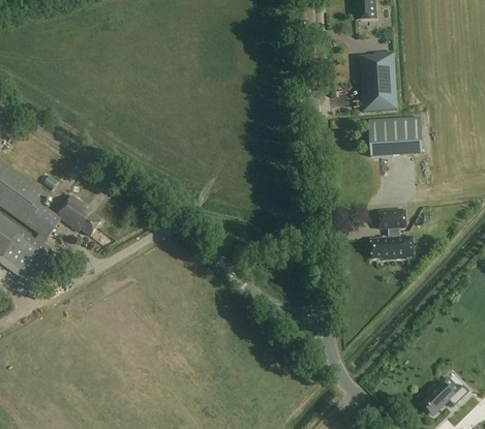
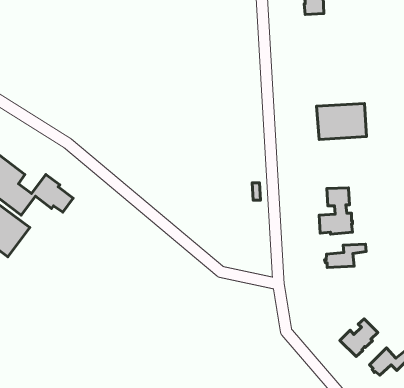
building: [359,50,396,111] -> none
building: none -> [325,244,366,268]
building: none -> [340,319,378,357]

